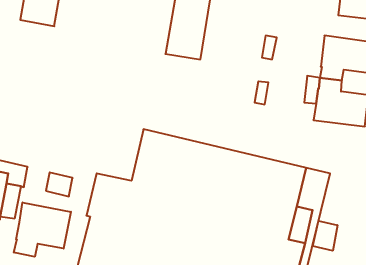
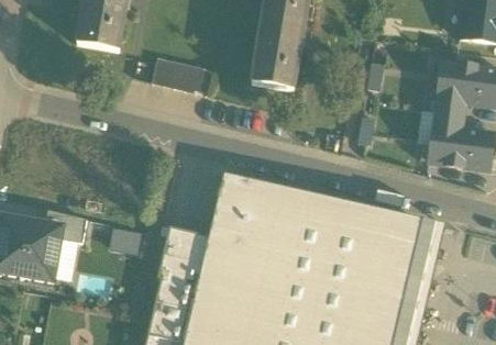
building: none -> [151,59,211,97]
building: [14,202,71,257] -> none
building: [313,221,337,251] -> none

